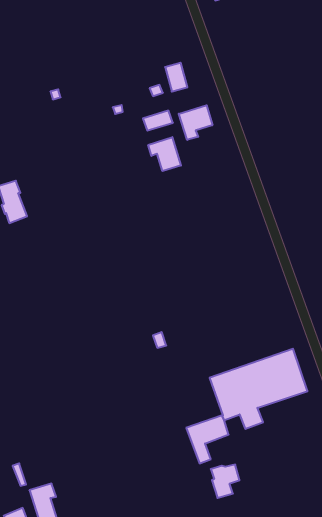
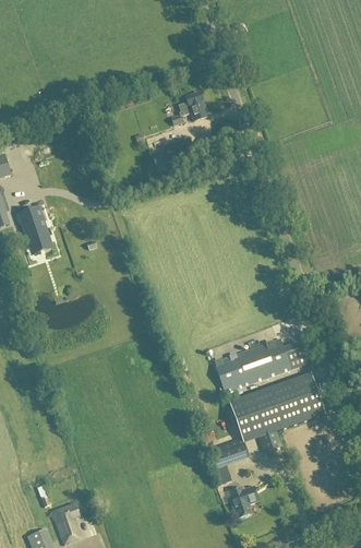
building: [179,105,212,140] -> none
building: [148,137,181,171] -> none
building: none -> [214,337,290,391]

